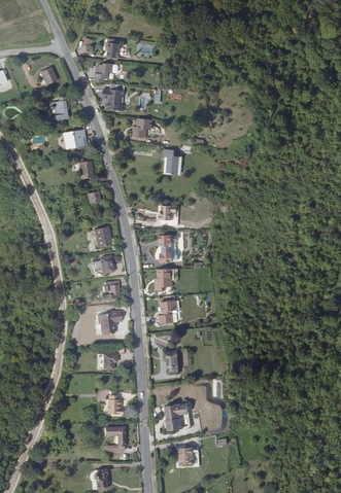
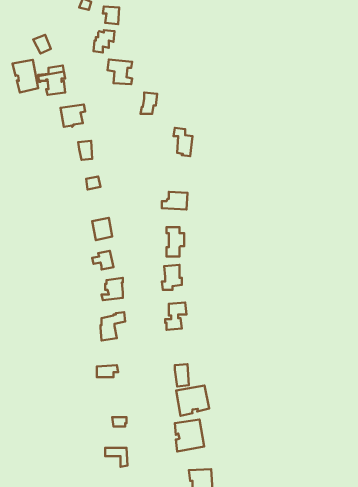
building: none -> [13,60,38,92]
building: none -> [176,386,209,416]

